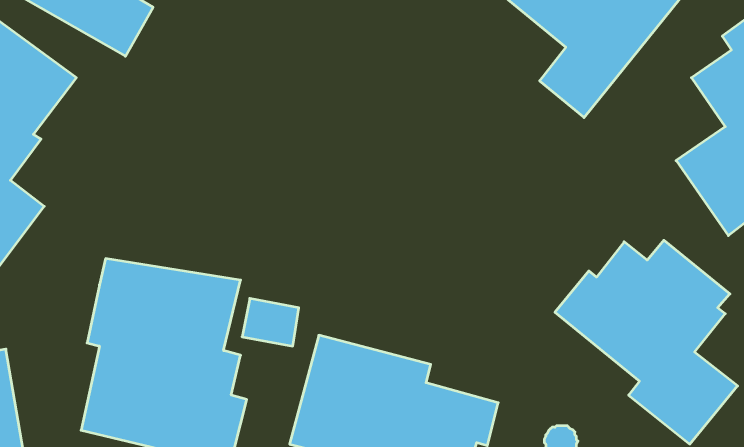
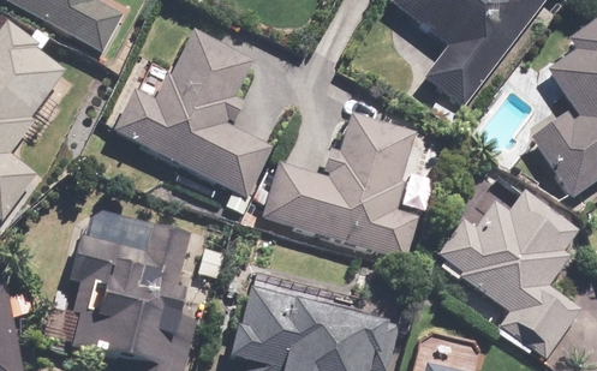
building: none -> [113,30,274,198]
building: none -> [261,115,418,262]

